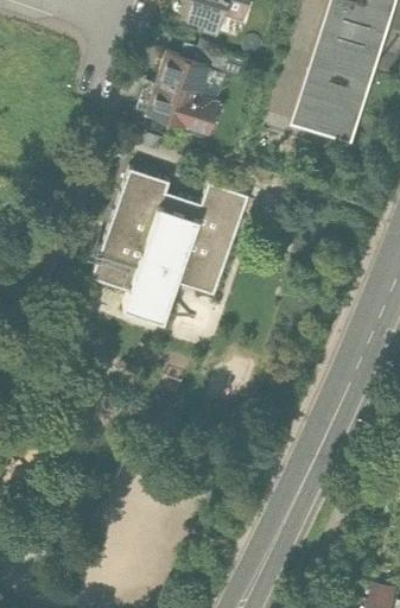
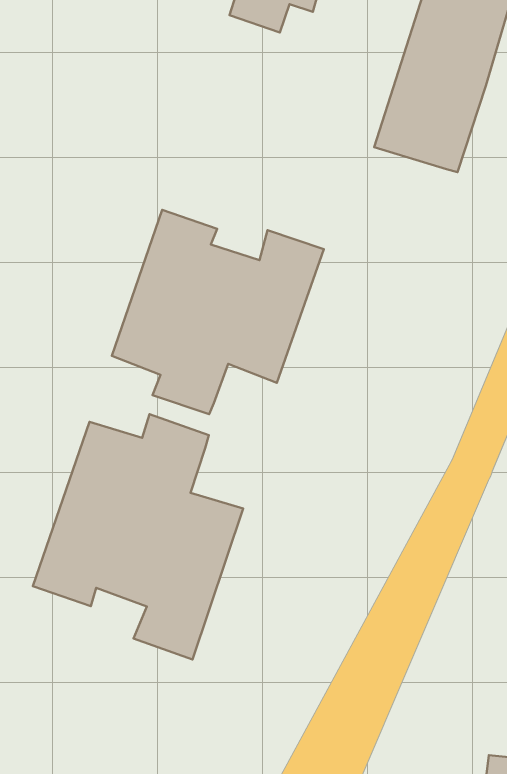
building: [148,53,218,135] -> none
building: none -> [33,414,243,659]

